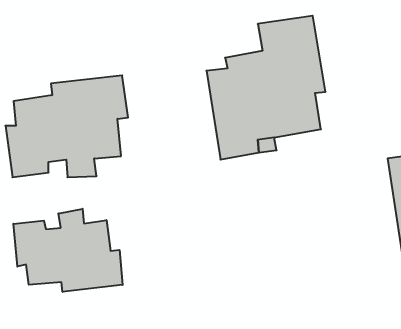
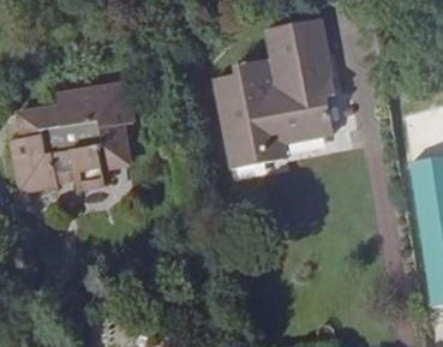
building: [13,209,123,292] -> none

